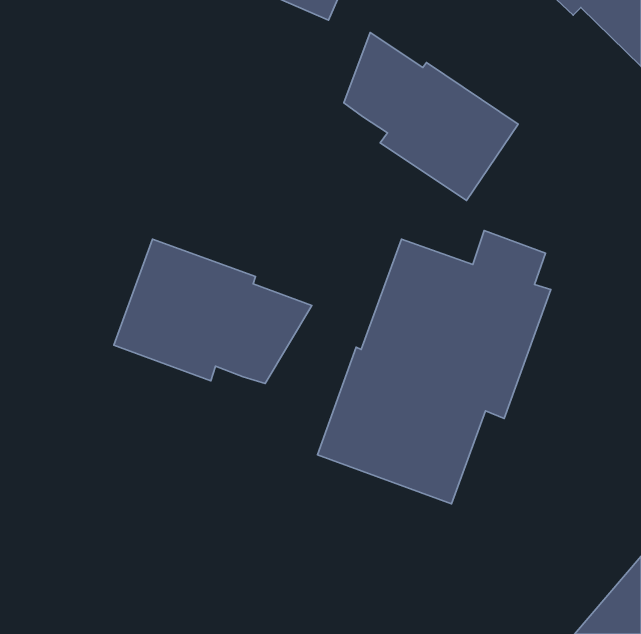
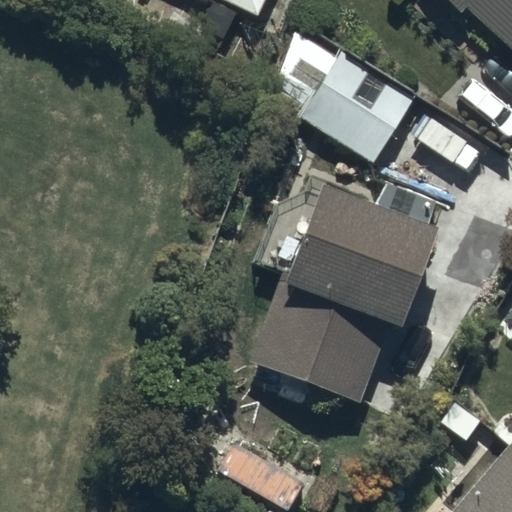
building: [114,239,312,384] -> none

